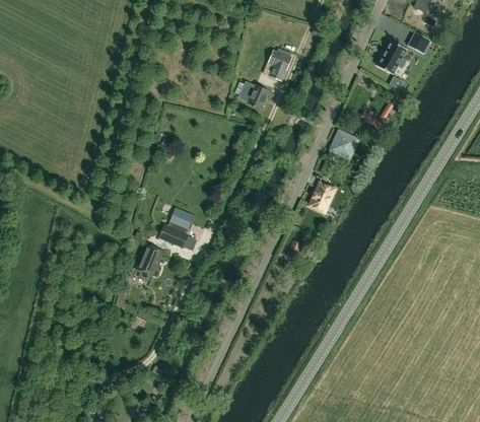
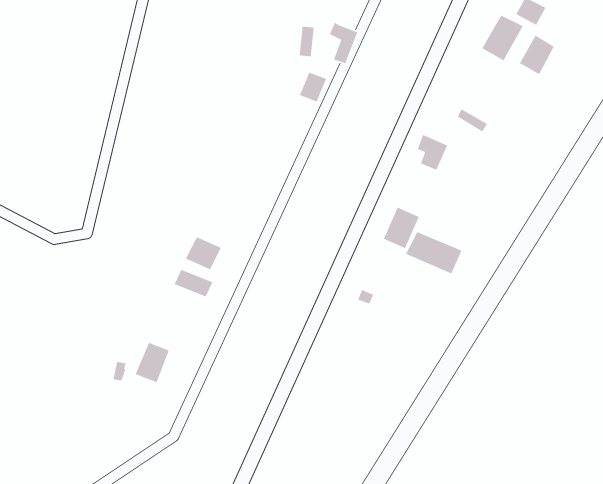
building: none -> [519,34,555,75]
building: none -> [405,231,462,275]
building: [137,245,162,275] -> [134,342,170,383]

